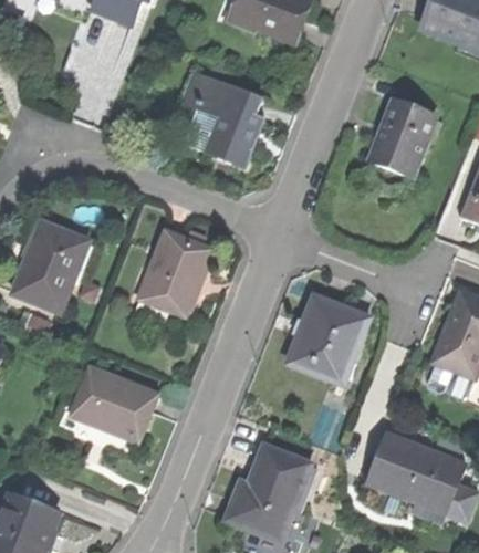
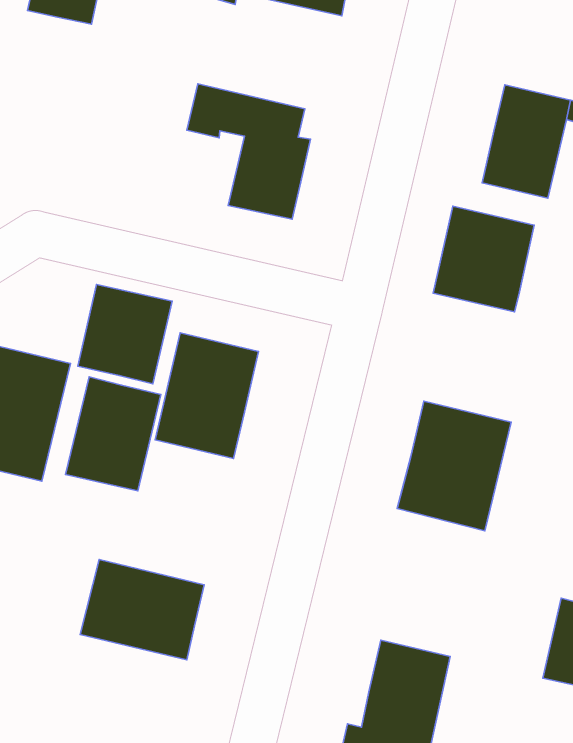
building: none -> [433,206,534,312]
building: none -> [78,285,172,384]
building: none -> [66,377,161,491]

